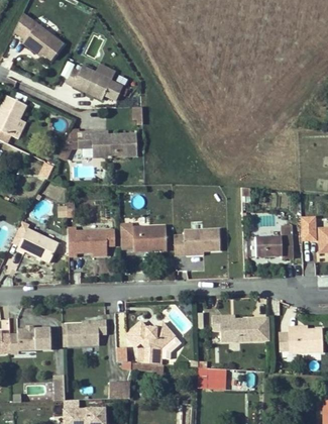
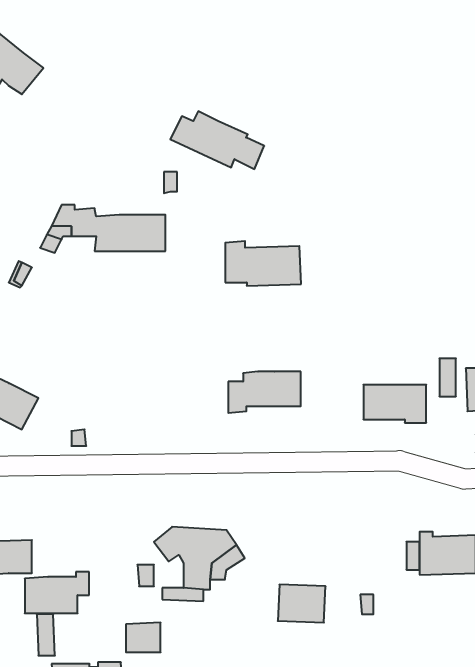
building: [62,62,119,97] -> [170,111,264,169]
building: [120,222,167,249] -> [225,241,301,286]
building: [67,227,107,256] -> none
building: [213,315,272,339] -> none
building: [69,317,108,342] -> [25,572,89,613]

